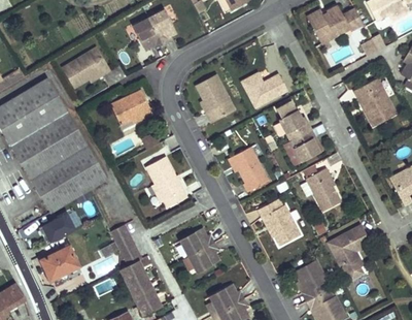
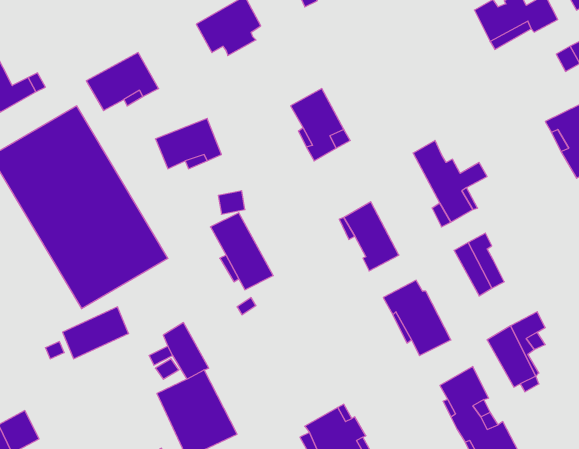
building: [238,74,281,104] -> none
building: [173,224,213,268] -> none
building: [44,251,81,283] -> none

